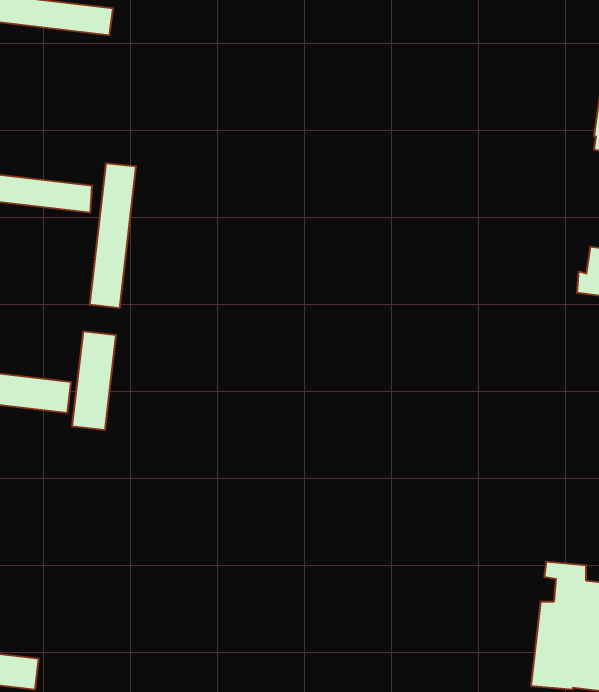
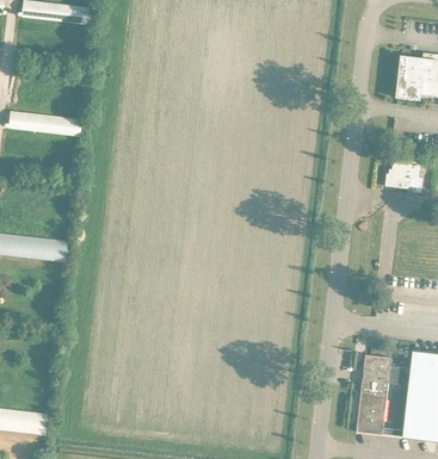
building: [90,163,136,308] -> none
building: [72,331,116,430] -> none

